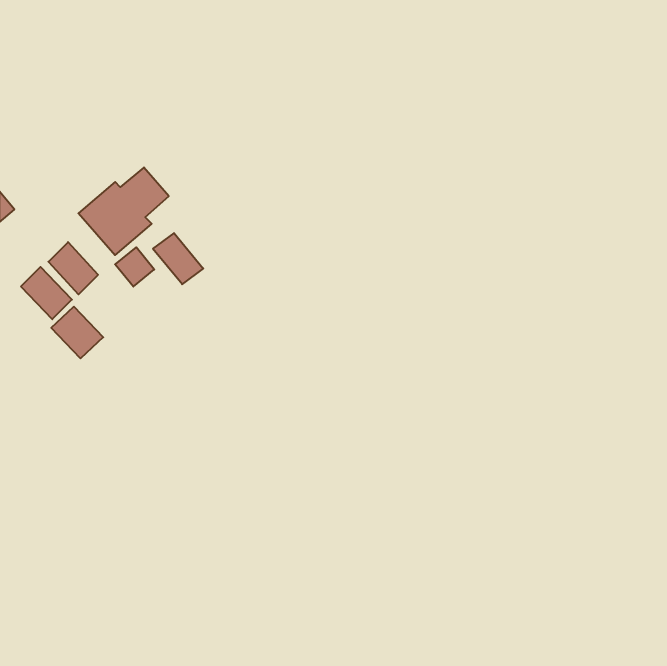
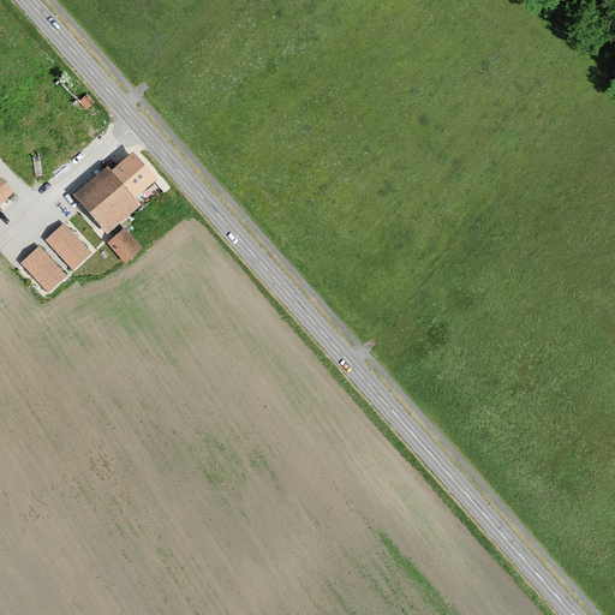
building: [153,233,203,284] -> none
building: [51,307,103,358] -> none

